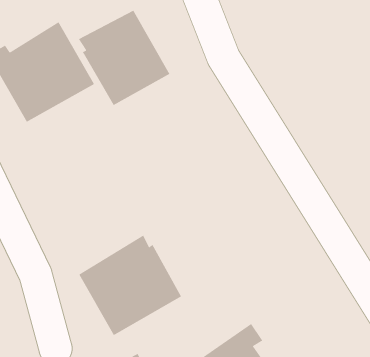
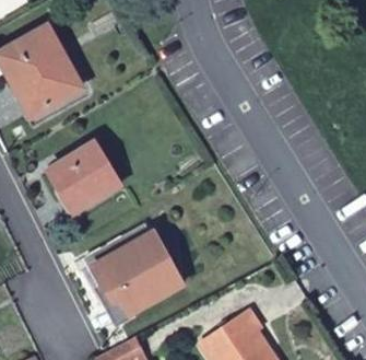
building: [78,10,170,106] -> none
building: none -> [54,148,120,216]

